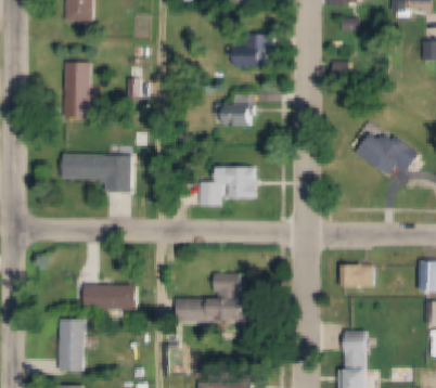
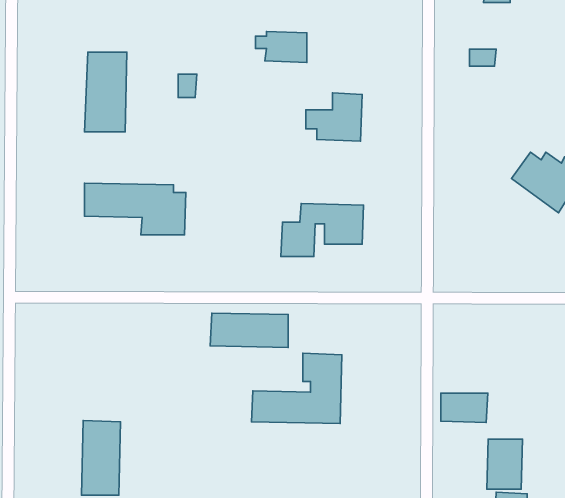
building: [227,43,262,65] -> [255,31,307,63]
building: [341,266,373,286] -> [441,393,488,423]
building: [82,286,137,310] -> [210,313,288,347]

